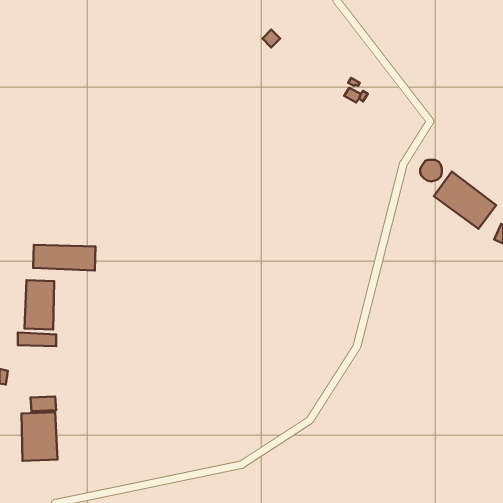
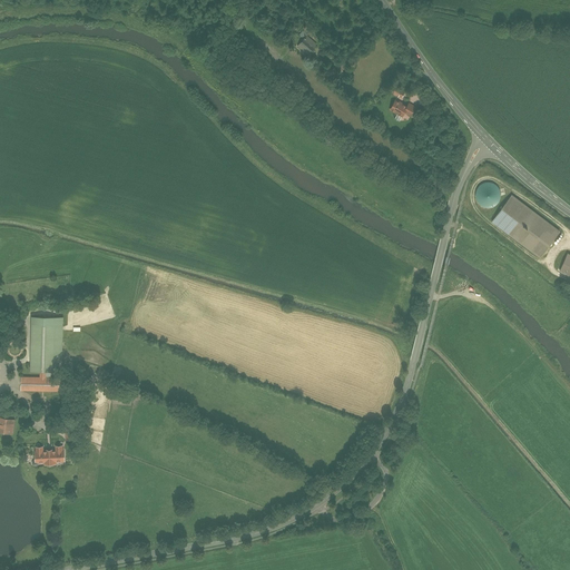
building: [33,245,96,271] -> none
building: [22,412,58,461] -> none

